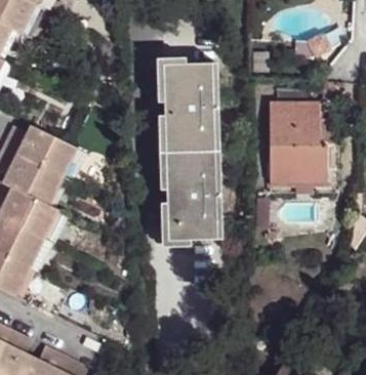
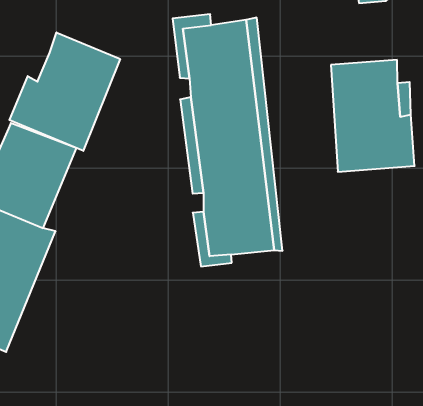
building: none -> [9,32,120,151]

